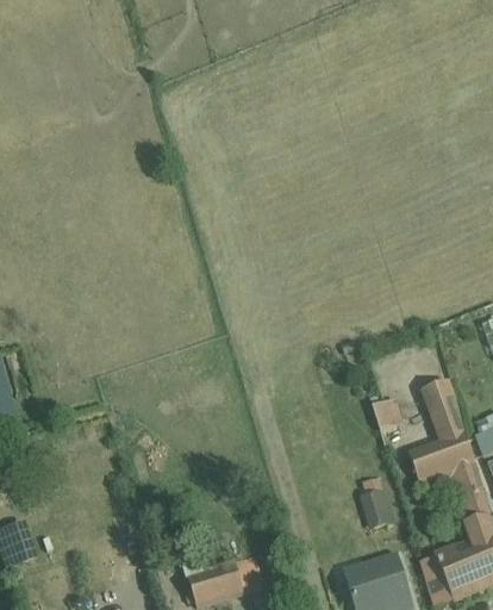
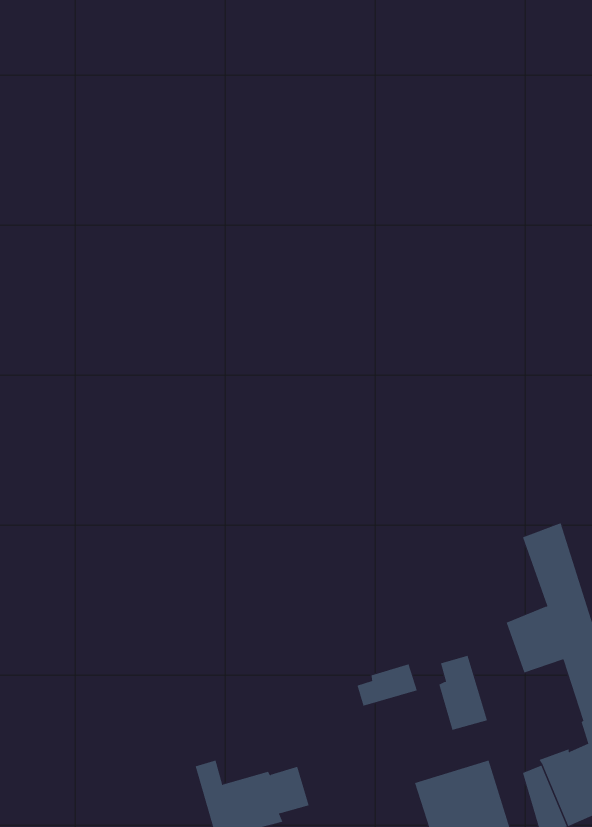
building: [373,399,406,434] -> none
building: none -> [357,663,417,706]

